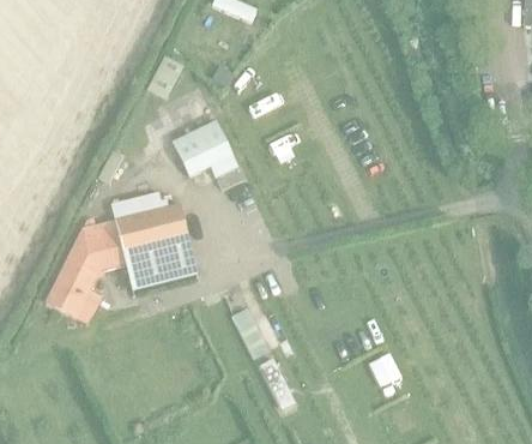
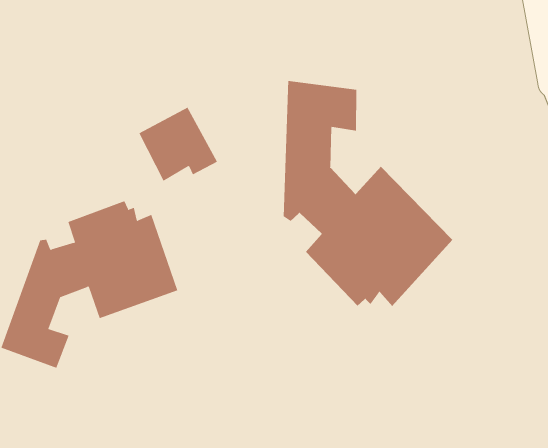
building: none -> [283,80,453,307]

